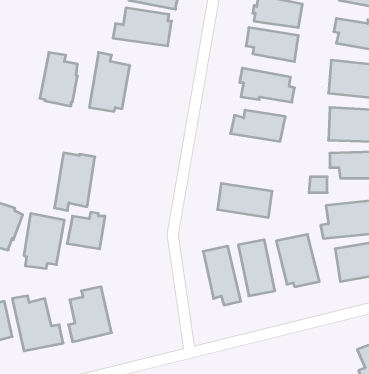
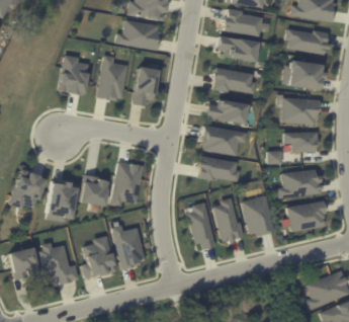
building: none -> [134,67,160,105]
building: none -> [204,126,248,154]
building: [54,153,95,211] -> [112,162,144,207]
building: none -> [113,225,147,268]

